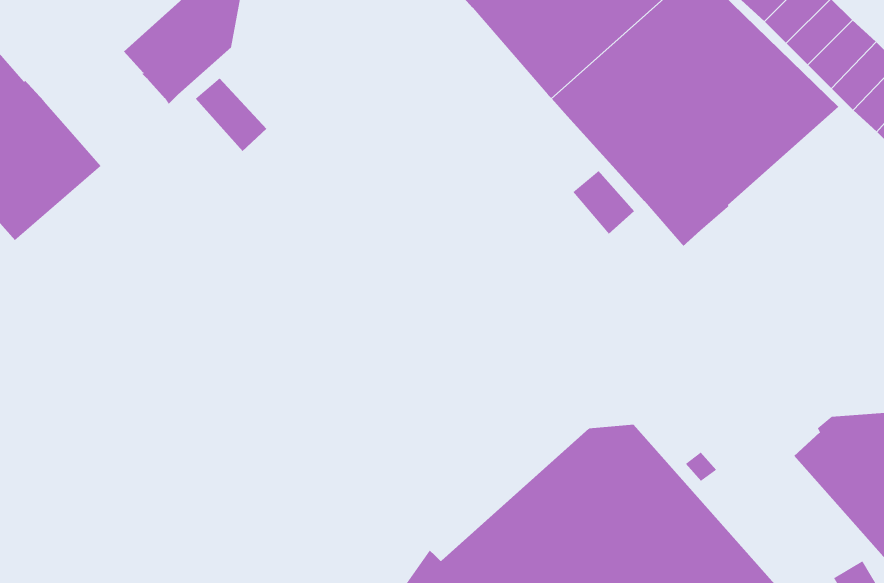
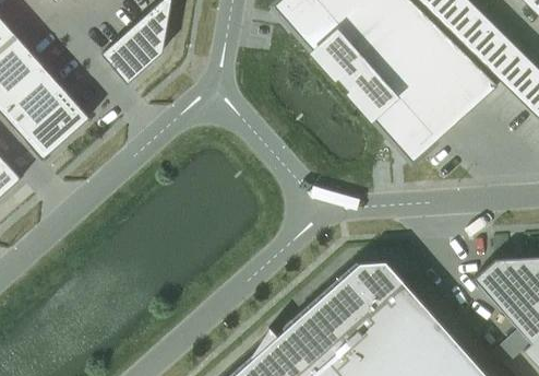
building: [195,78,267,152] -> none
building: [573,170,635,234] -> none

